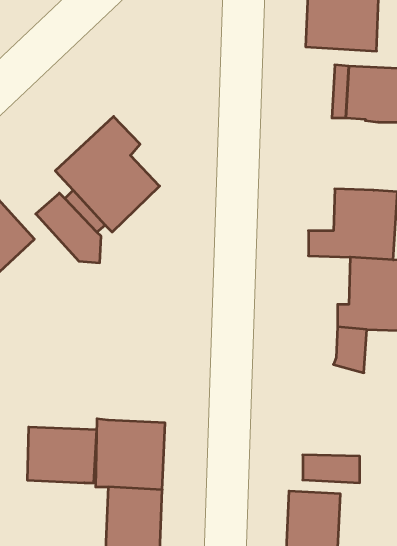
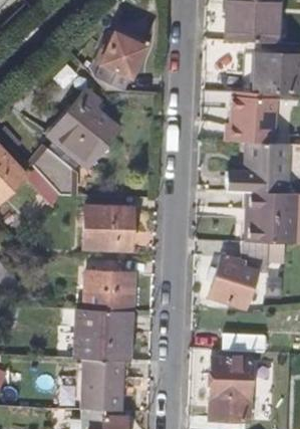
building: none -> [95,32,143,90]
building: none -> [227,94,276,142]
building: none -> [83,206,130,250]
building: none -> [213,256,259,306]
building: [27,427,97,483] -> [82,269,132,309]

